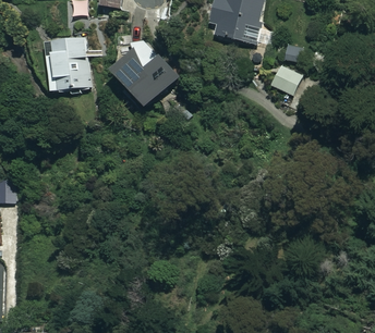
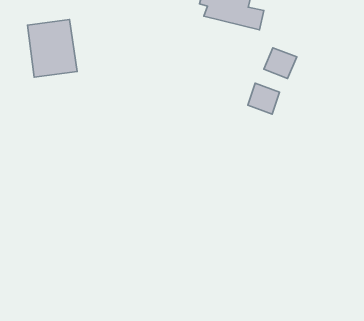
building: [112,41,179,108] -> none
building: none -> [248,83,280,114]

